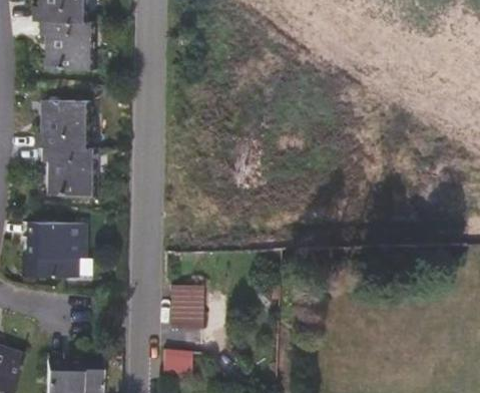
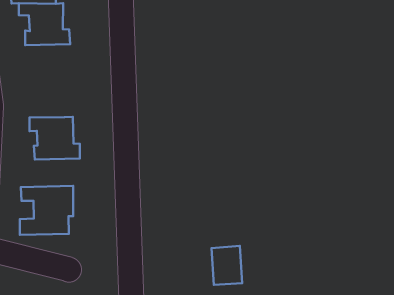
building: [35,100,91,149] -> none
building: [173,287,204,328] -> [212,246,242,285]

